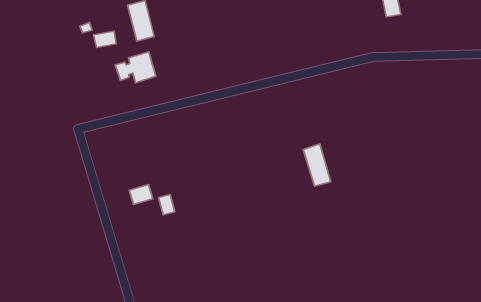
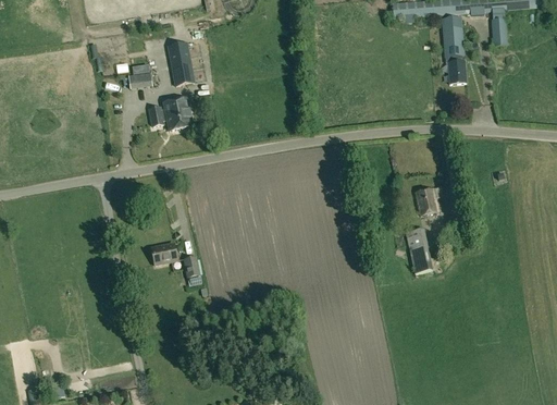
building: none -> [416,186,445,214]
building: [303,144,331,186] -> [406,228,433,273]

